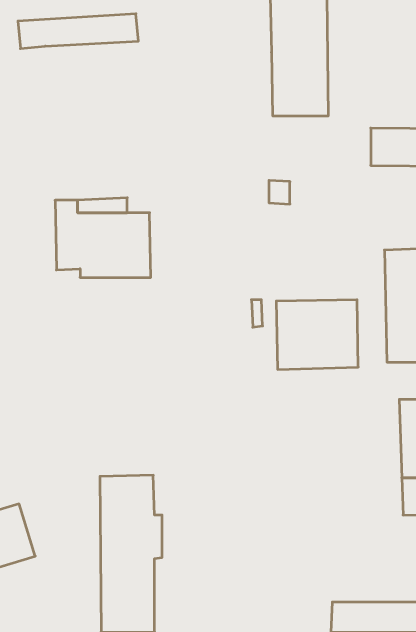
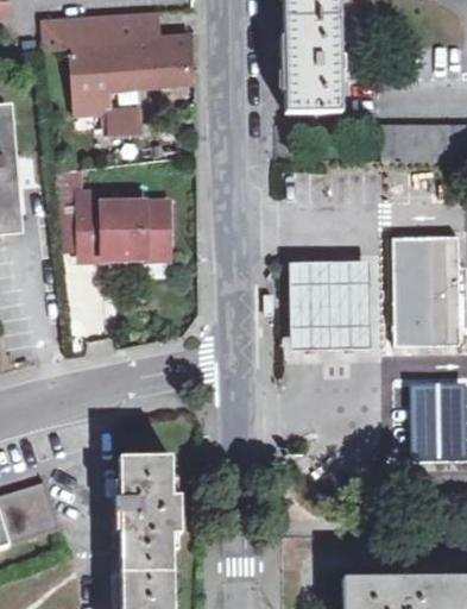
building: none -> [69,32,190,133]
building: none -> [289,264,374,351]

